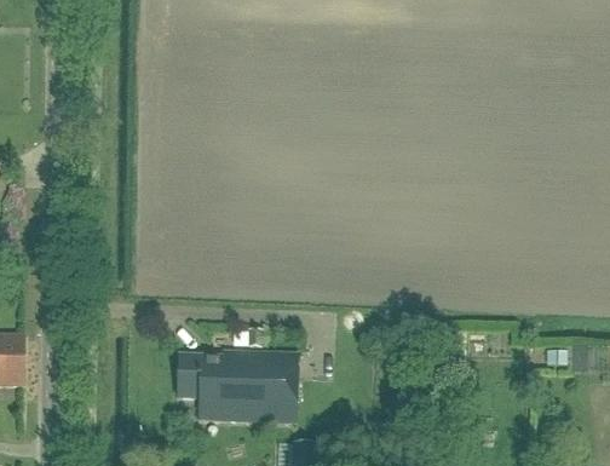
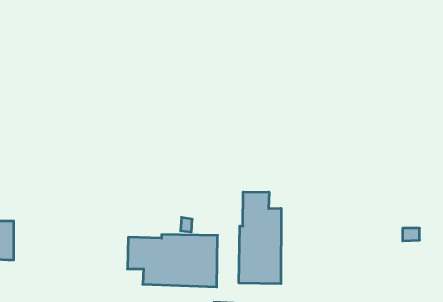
building: none -> [239,192,281,284]

